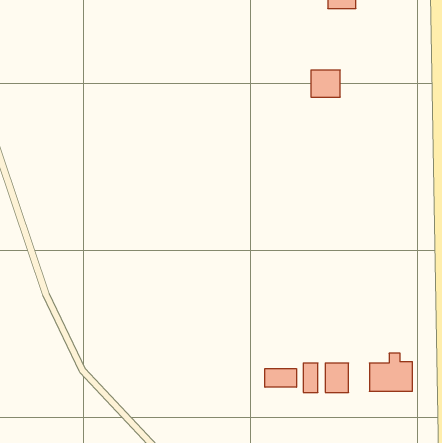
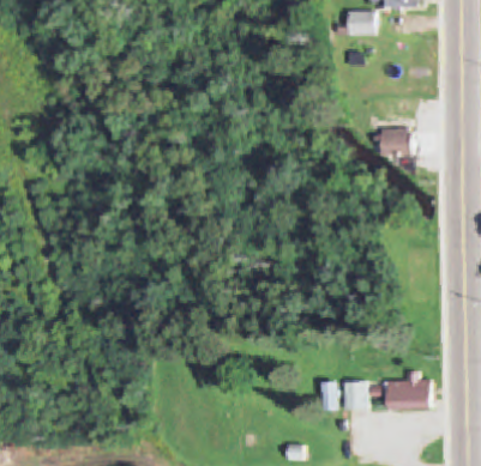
building: [311,70,340,97] -> [380,128,409,155]
building: [265,369,296,387] -> none

